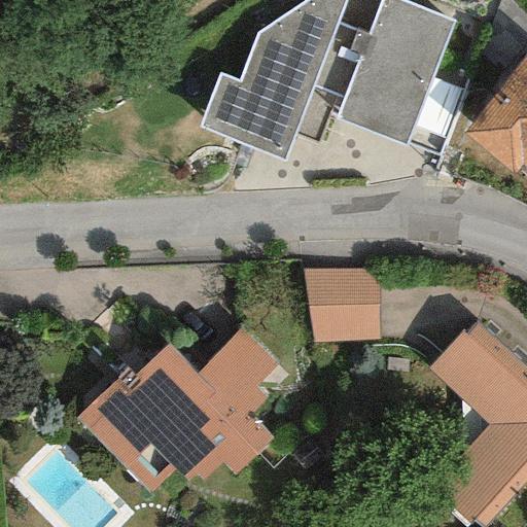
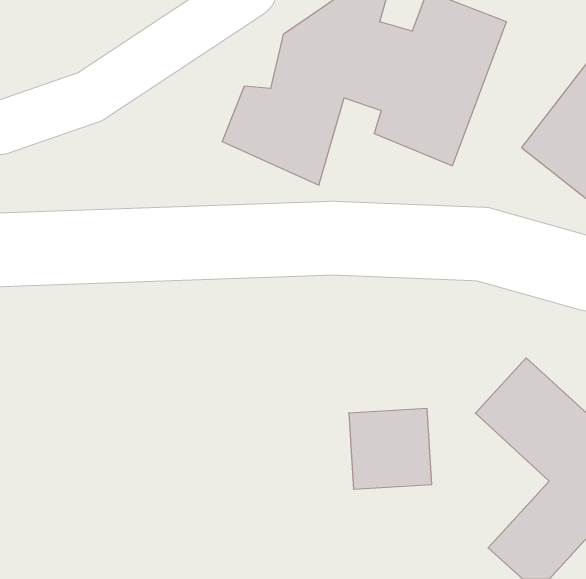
building: [307,265,381,337] -> [349,408,432,489]
building: [79,323,277,494] -> none

